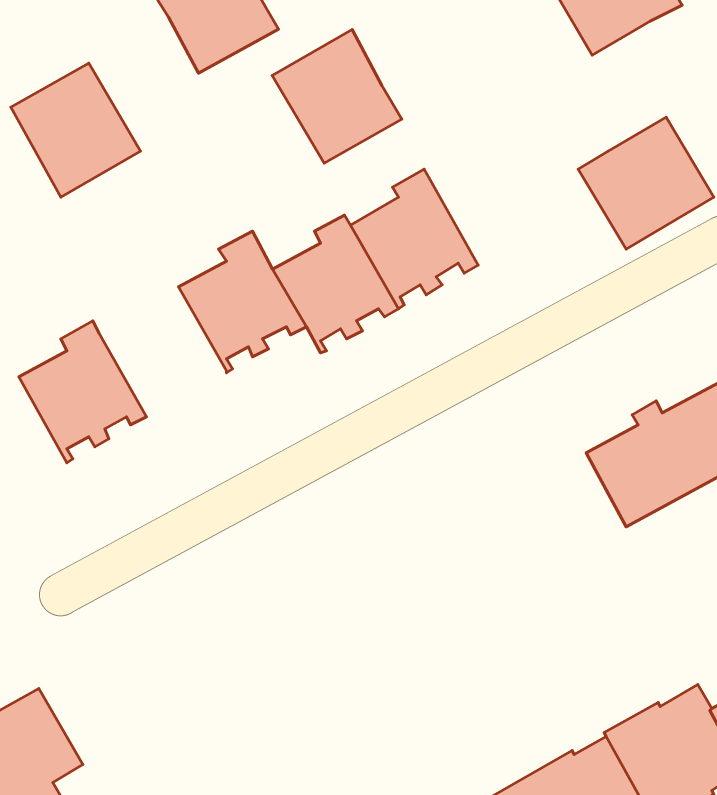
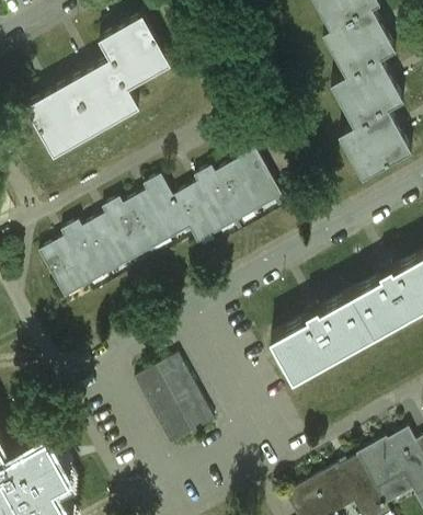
building: none -> [331,64,404,135]
building: [272,29,402,163] -> [71,61,142,135]
building: none -> [77,204,147,281]
building: none -> [265,300,366,382]
building: none -> [132,355,211,445]

